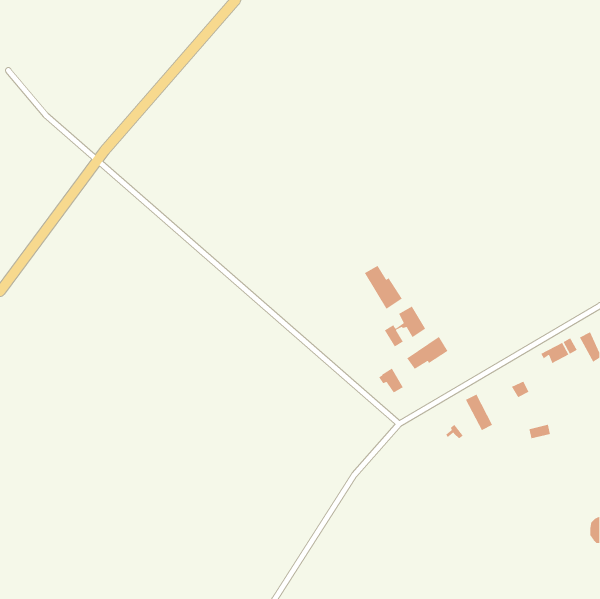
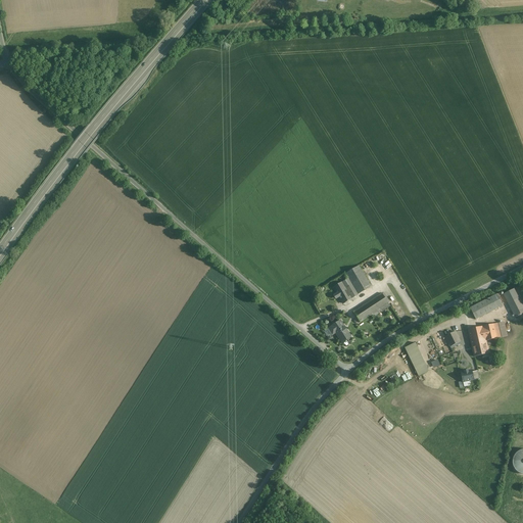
building: [364,265,403,310] -> none
building: none -> [468,323,497,355]

